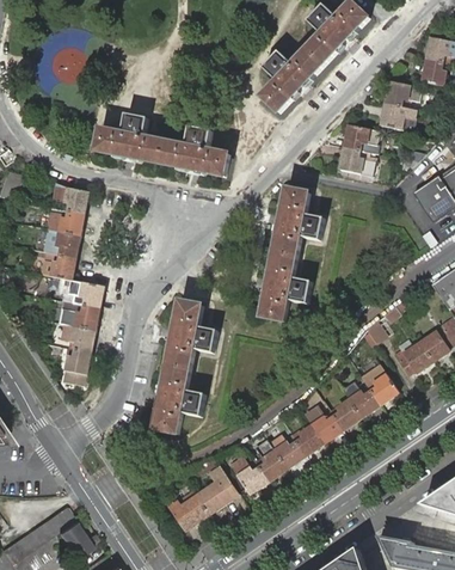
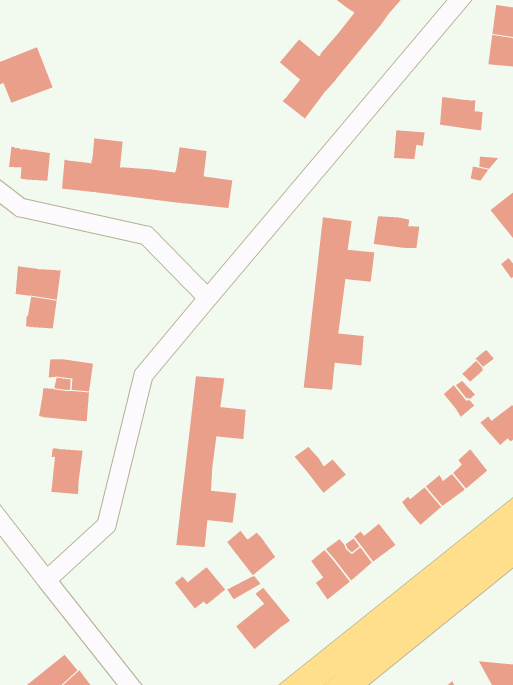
building: [385,81,422,108] -> none
building: [339,147,376,174] -> [373,216,420,249]
building: [55,183,88,213] -> [8,145,51,181]
building: [42,253,75,280] -> none
building: [60,324,96,351] -> none
building: [303,405,343,442] -> [294,446,347,494]
building: [230,458,268,494] -> [226,530,276,576]
building: [170,495,209,527] -> [174,566,226,609]

